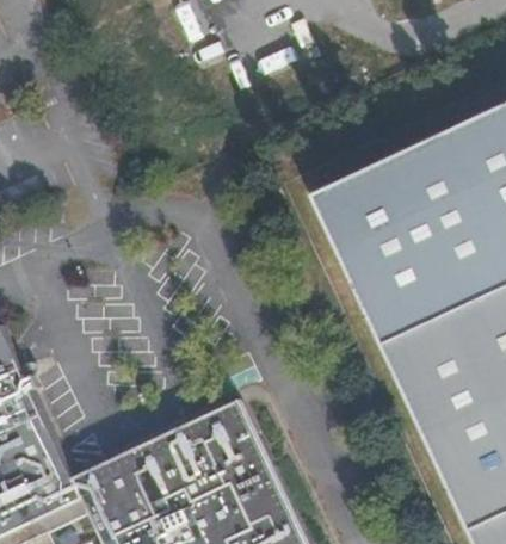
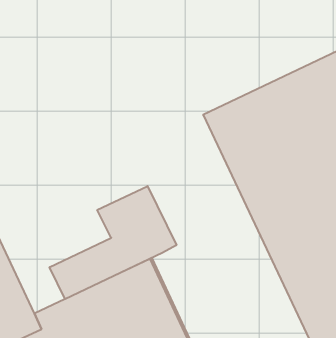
building: none -> [50,186,176,299]

